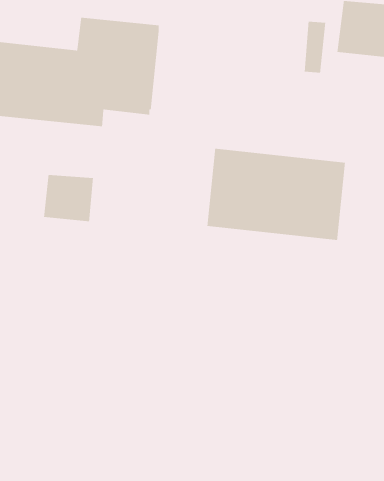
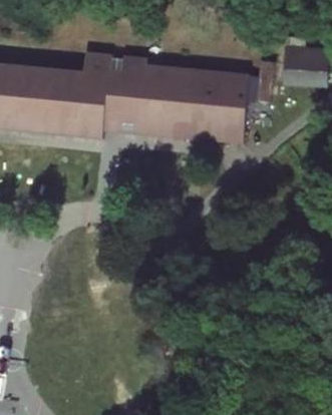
building: [207,148,346,241] -> [139,67,246,138]
building: [43,174,94,222] -> none

